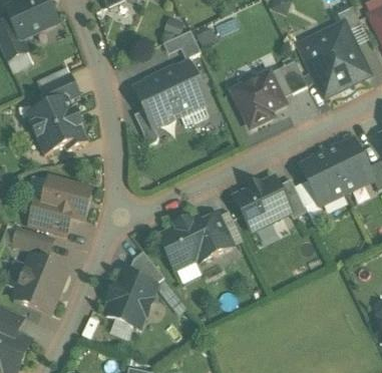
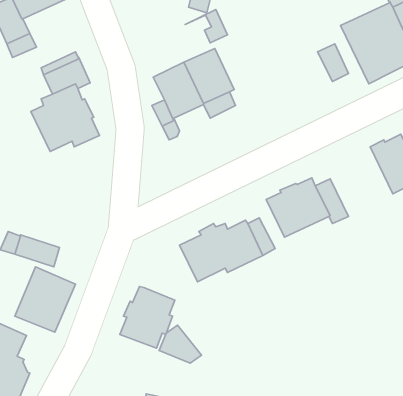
building: [233,73,284,126] -> none
building: [301,150,346,204] -> none
building: [30,178,90,234] -> none
building: [127,252,164,285] -> [159,325,202,363]

